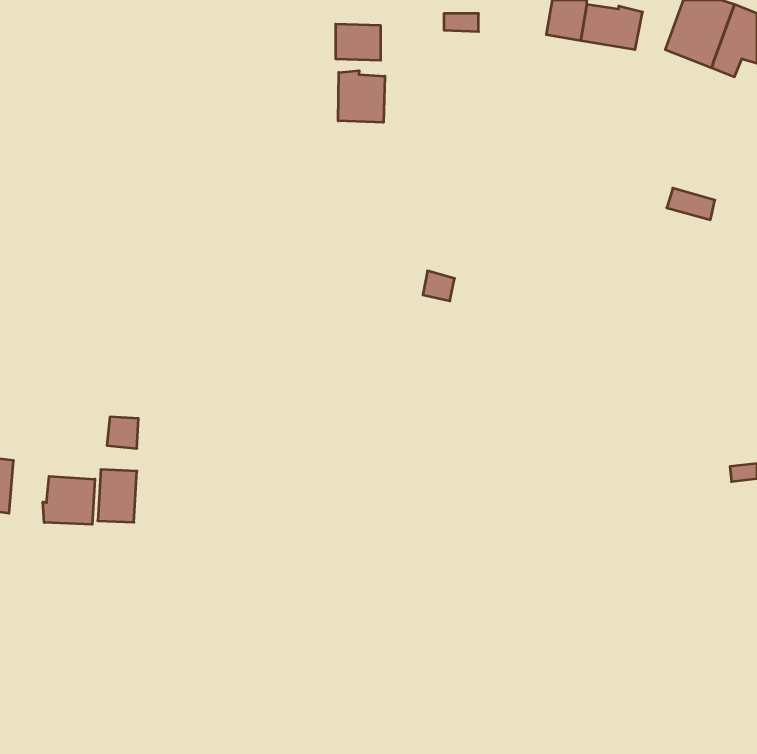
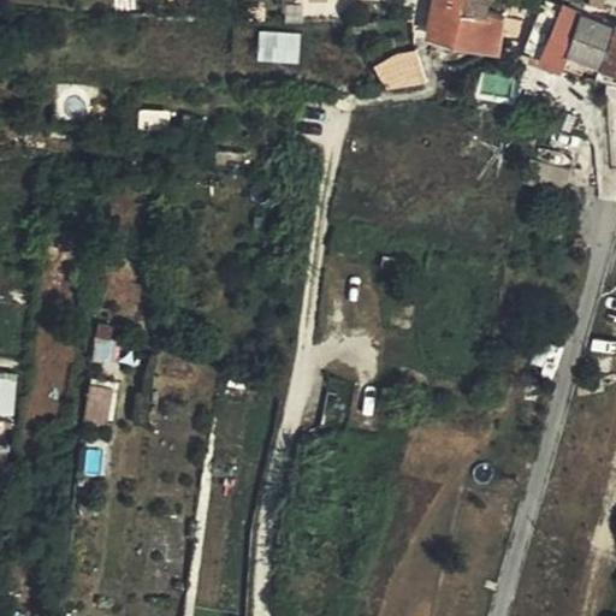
building: none -> [381,54,433,89]
building: [338,71,385,122] -> none
building: [43,476,95,524] -> none

